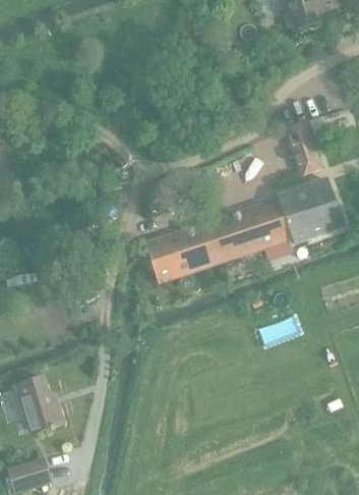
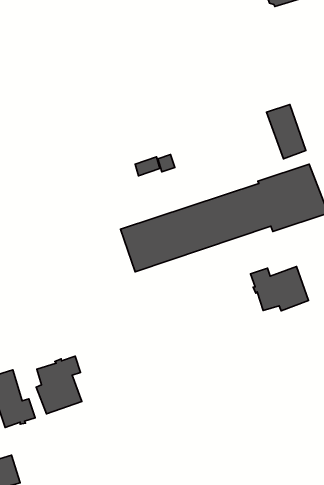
building: none -> [251,266,308,311]
building: none -> [36,356,82,414]

